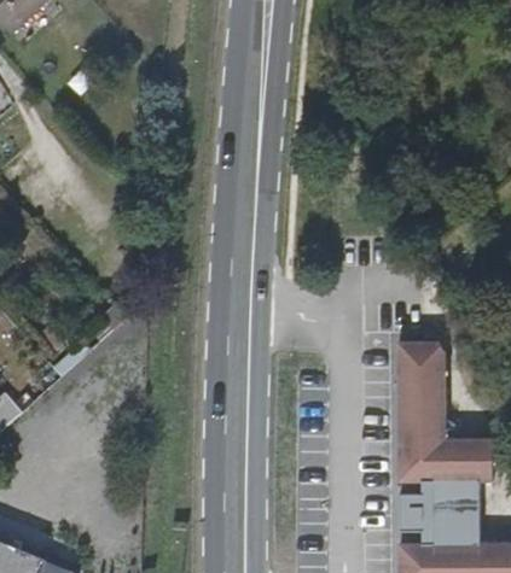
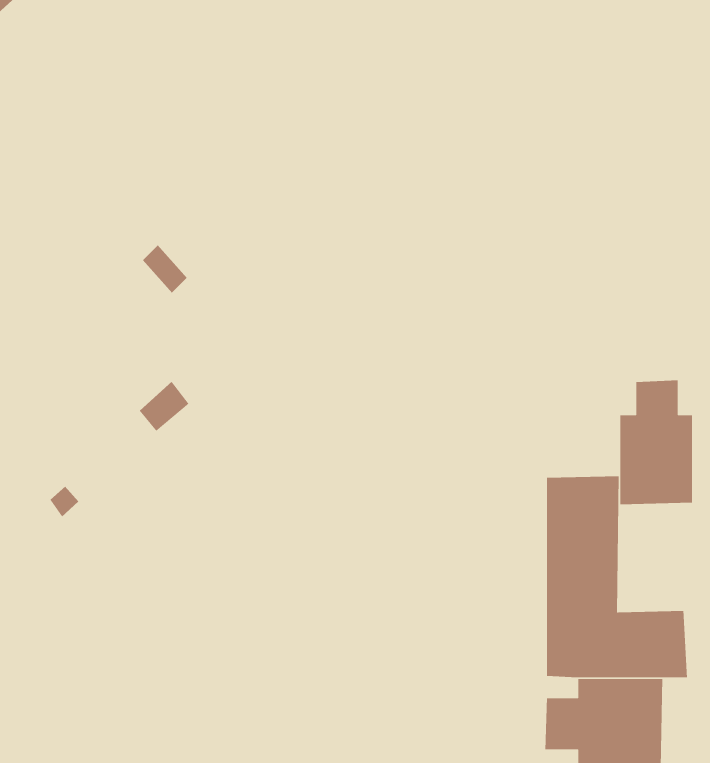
building: none -> [620,380,693,505]

